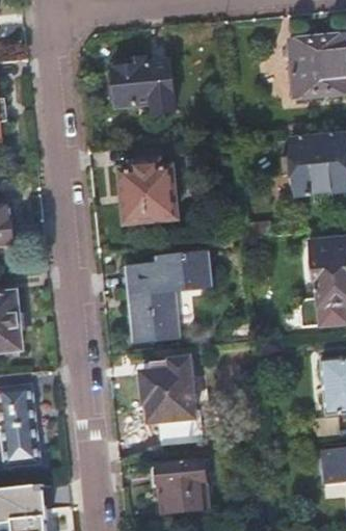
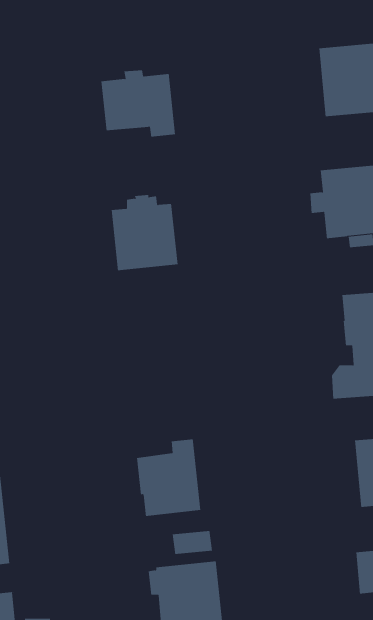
building: [126,251,210,342] -> none

